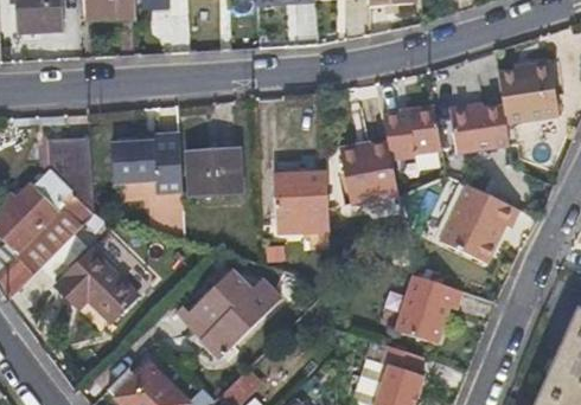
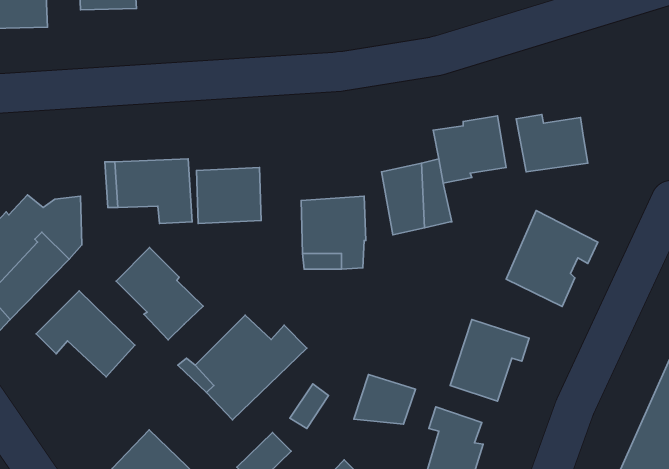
building: [498,59,561,123] -> none
building: [45,140,90,181] -> none
building: none -> [116,247,203,340]
building: none -> [354,375,415,424]

